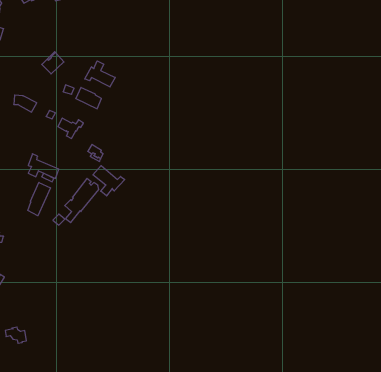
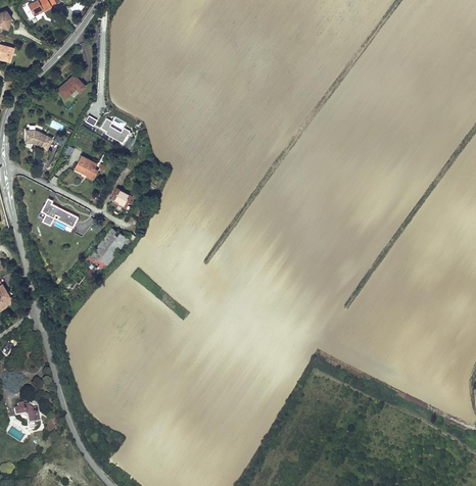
building: [85,61,115,87] -> none
building: [93,166,125,196] -> none
building: [28,182,50,216] -> none

